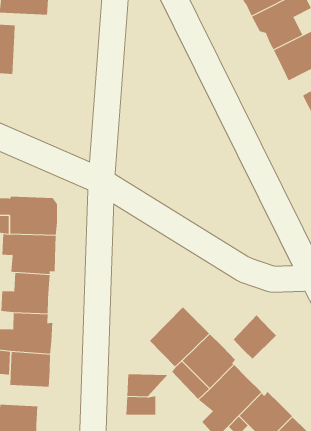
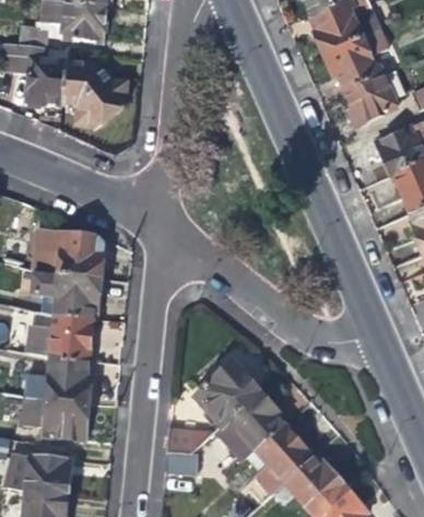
building: none -> [63,60,128,126]
building: [233,314,277,360] -> none

